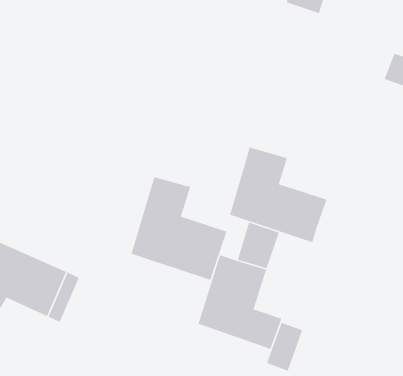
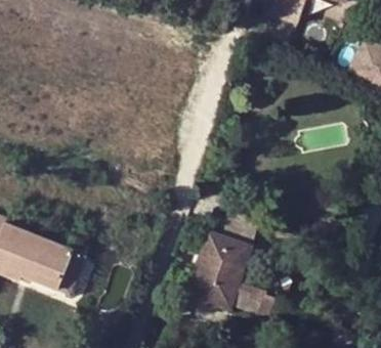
building: [229,146,327,243] -> none
building: [131,176,227,281] -> none

